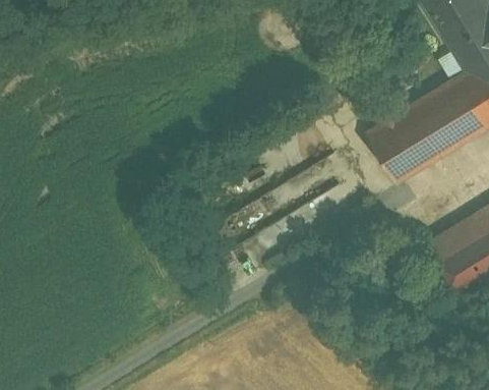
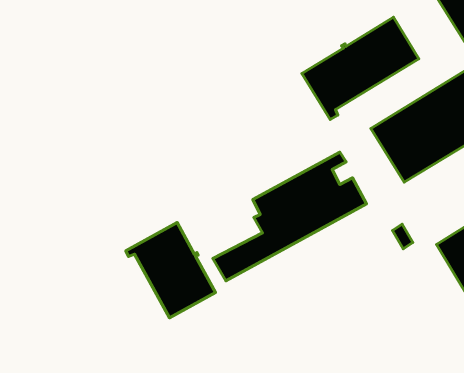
building: none -> [302,17,419,119]
building: none -> [126,223,216,318]

